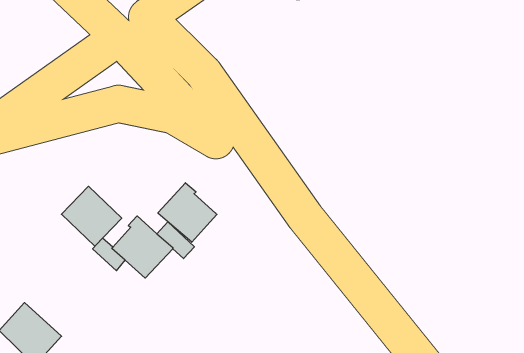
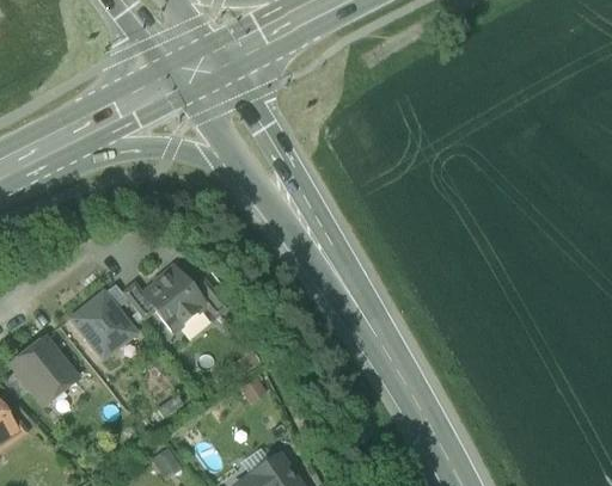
building: [158,183,217,242] -> none
building: [61,186,122,246] -> [74,289,136,352]

